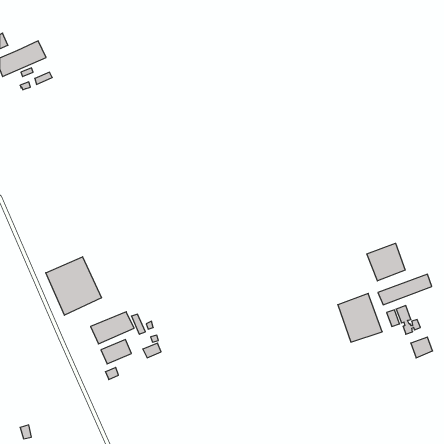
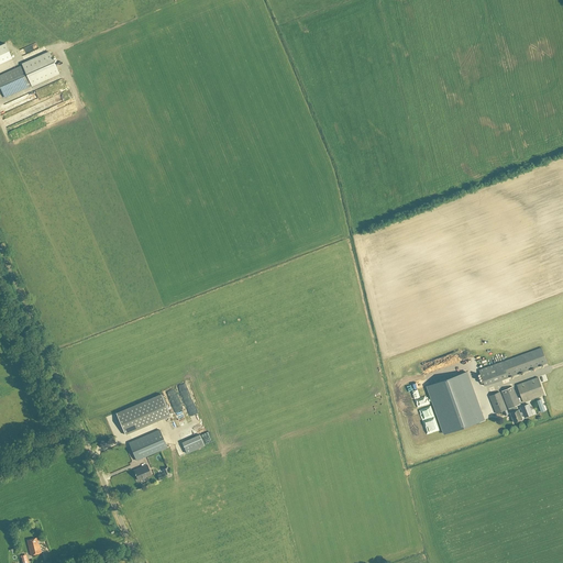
building: [367,243,405,281] -> none
building: [46,257,101,315] -> none
building: [411,337,433,358] -> [516,376,543,402]

